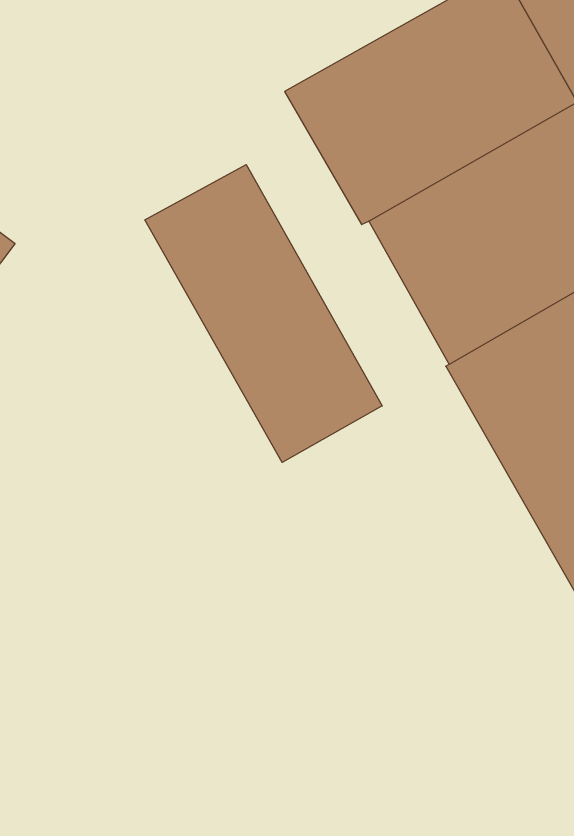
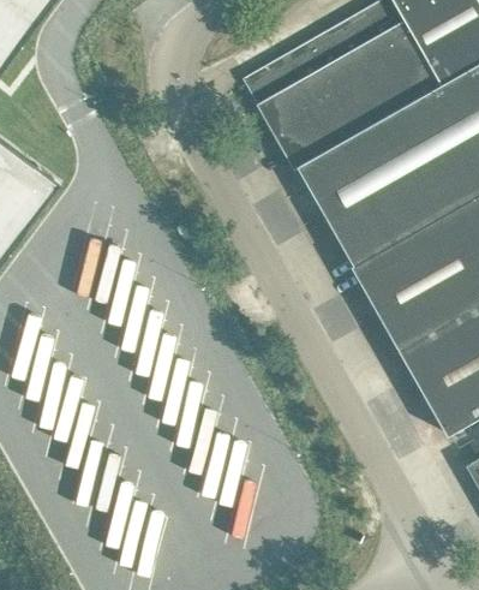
building: [145,165,382,462] -> none

